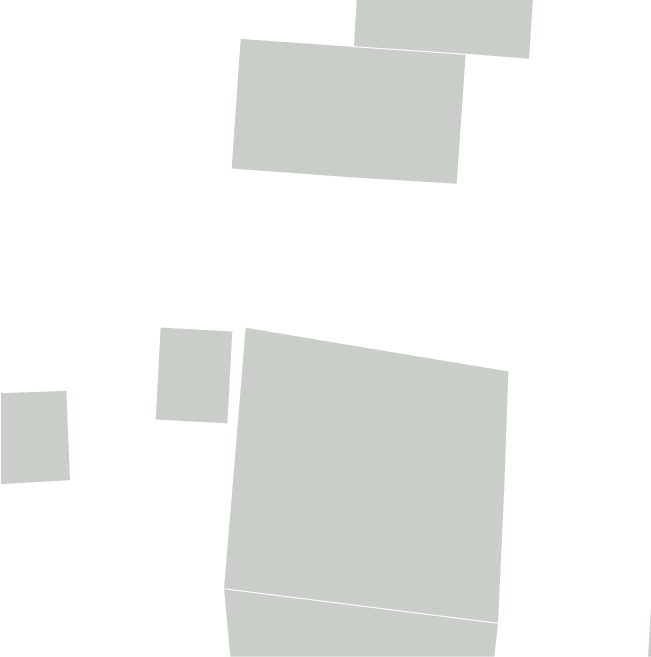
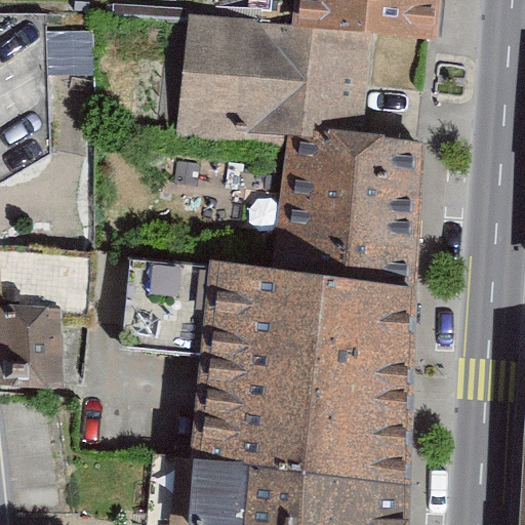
building: none -> [269,142,421,295]

